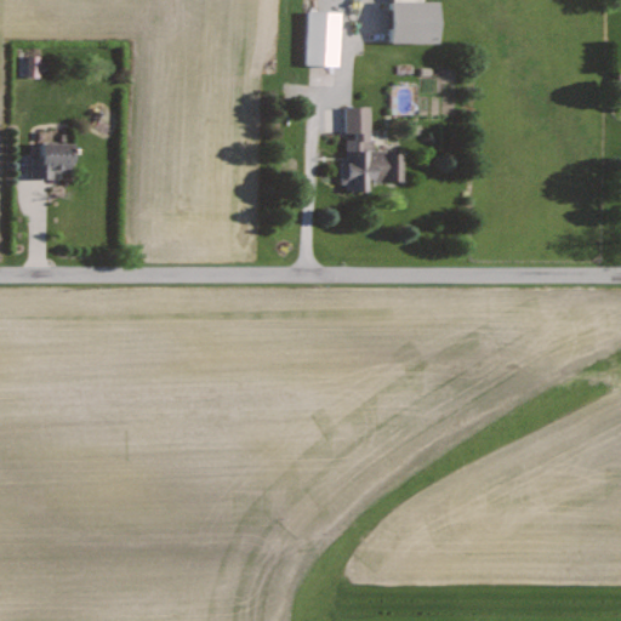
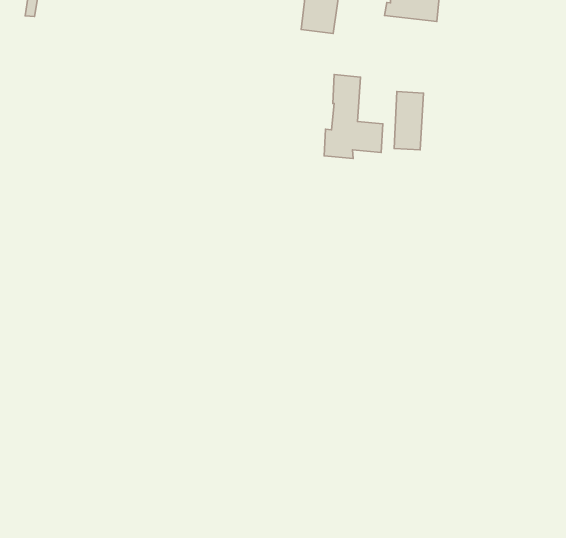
building: none -> [394,92,424,150]
building: [29,142,74,178] -> none

